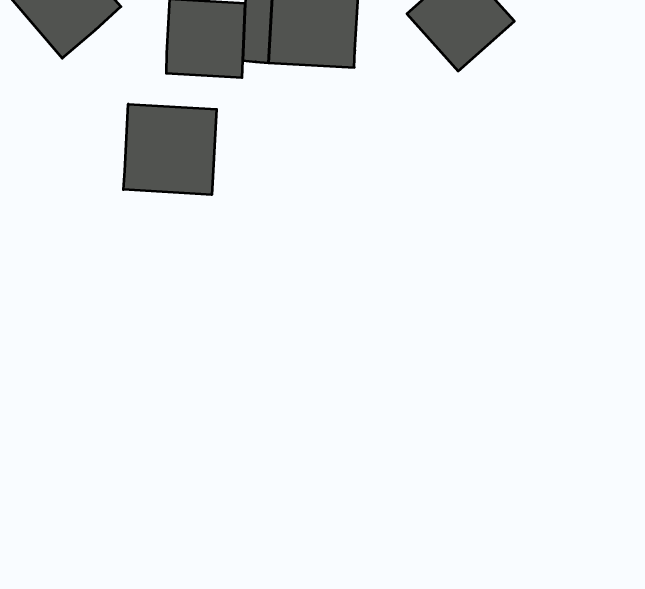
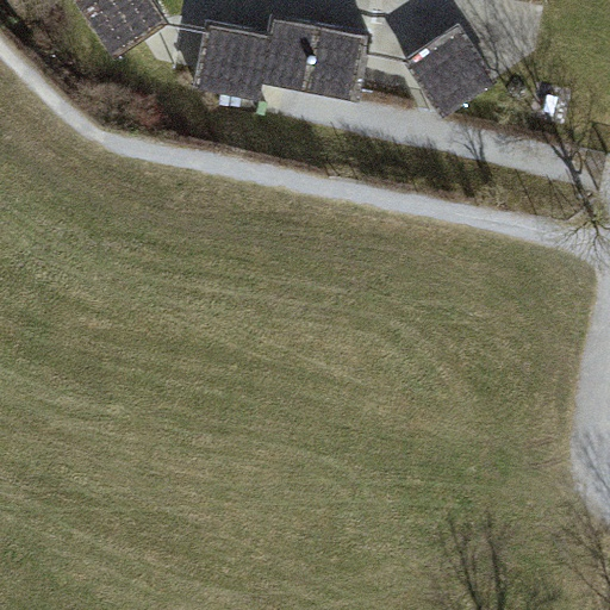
building: [123,104,217,195] -> none

